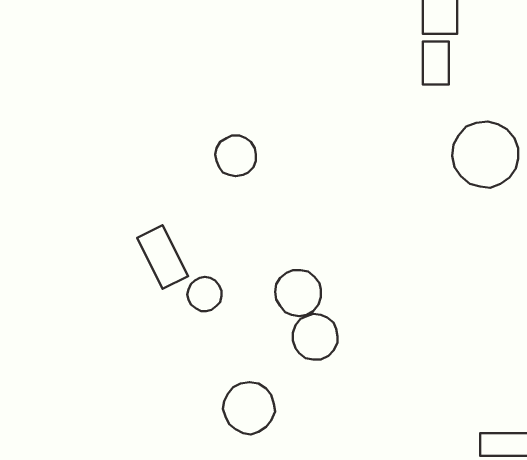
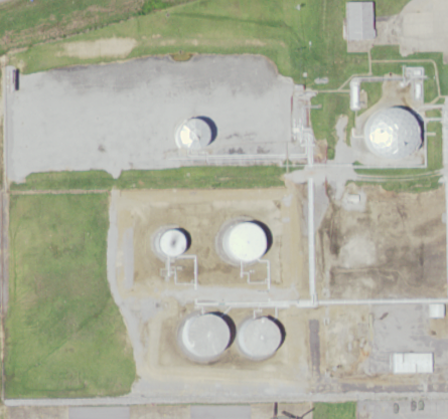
building: [423,42,449,85] -> none
building: [137,225,188,289] -> none
building: [293,314,337,360] -> [247,319,282,355]

